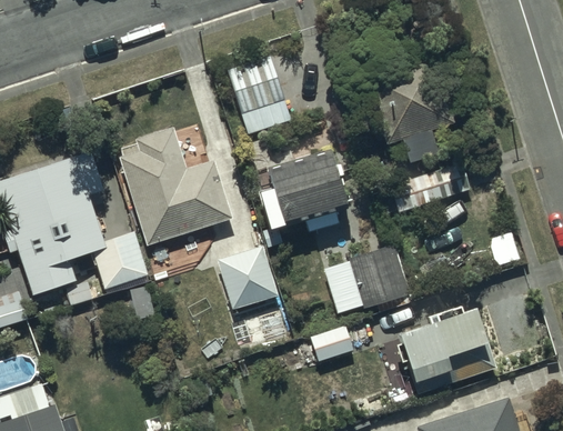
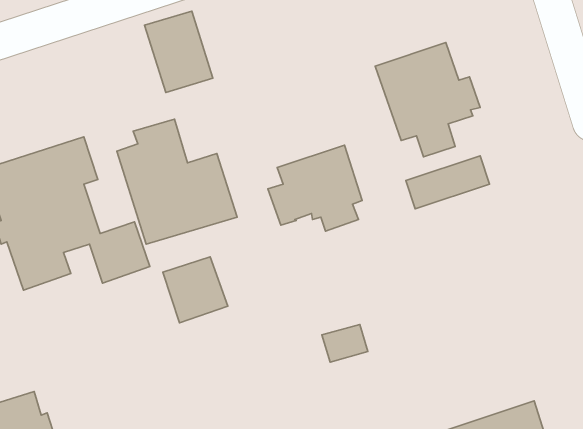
building: [228,60,292,137] -> [145,11,213,92]
building: [325,245,409,315] -> none
building: [218,249,279,311] -> [163,257,228,323]
building: [400,305,499,388] -> none

